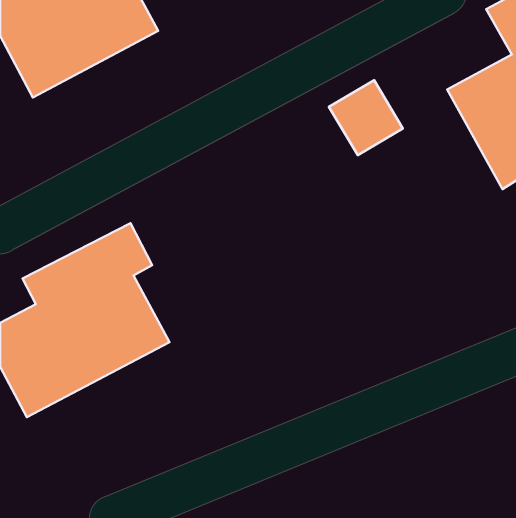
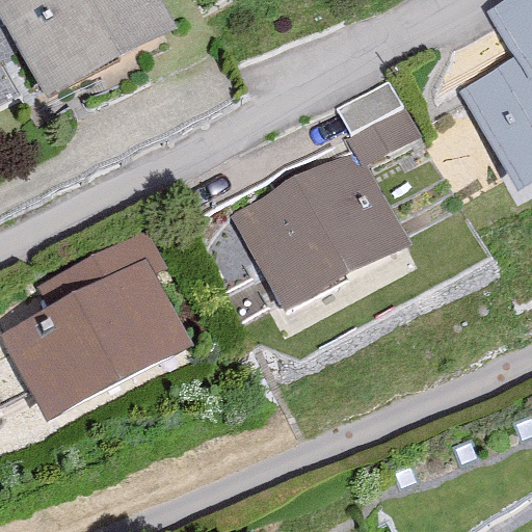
building: none -> [238,154,406,310]

